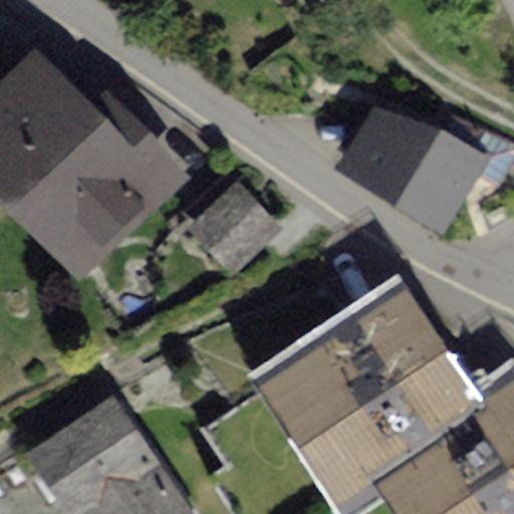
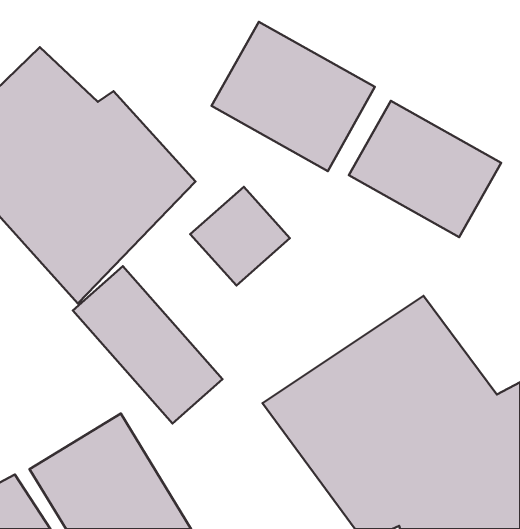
building: none -> [211,22,375,171]
building: none -> [73,266,223,423]

